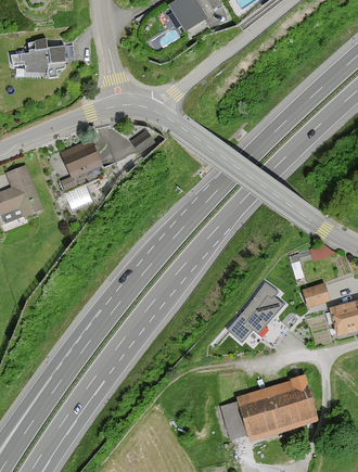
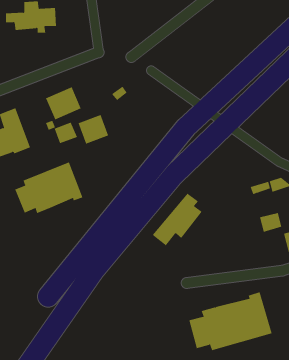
building: none -> [78,114,109,145]
building: none -> [14,162,83,214]
building: [223,281,281,342] -> [152,193,202,246]

